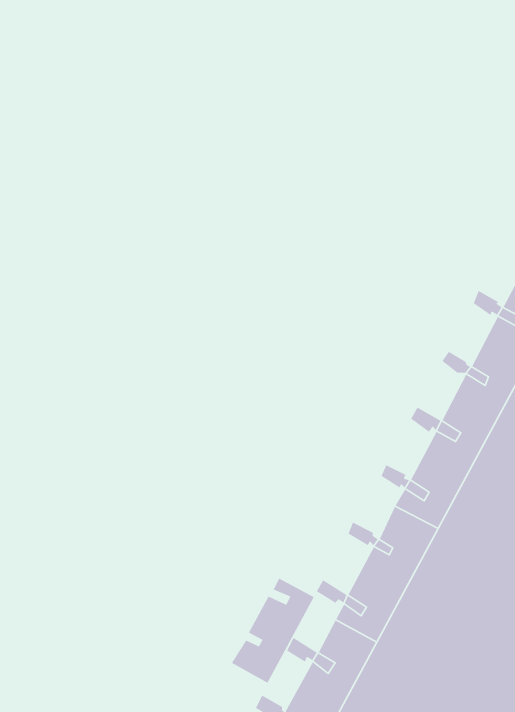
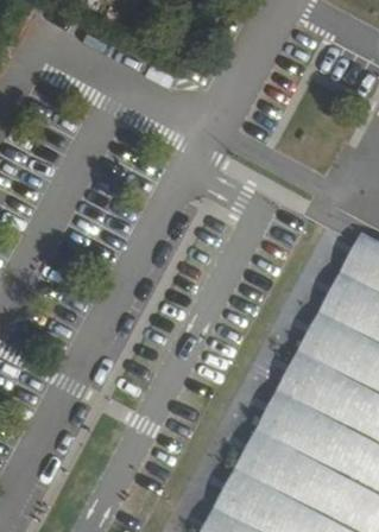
building: [231,577,315,684] -> none

